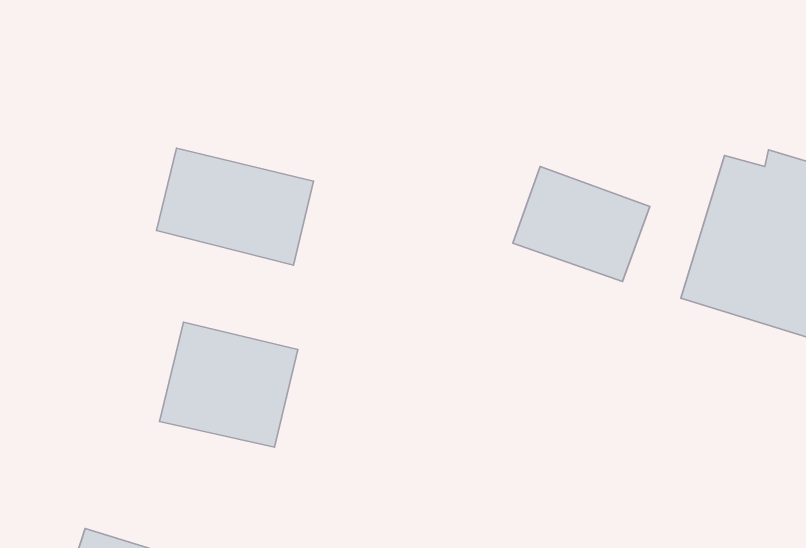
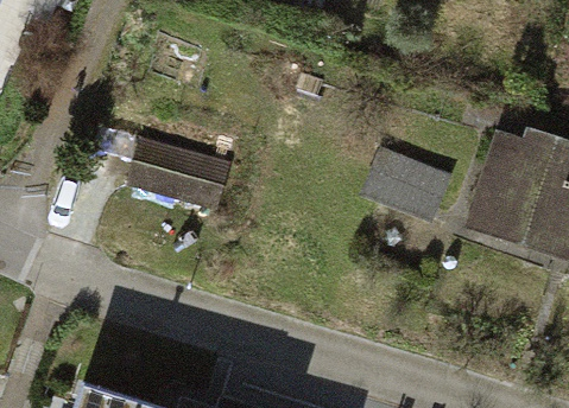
building: [160,322,298,447] -> none

